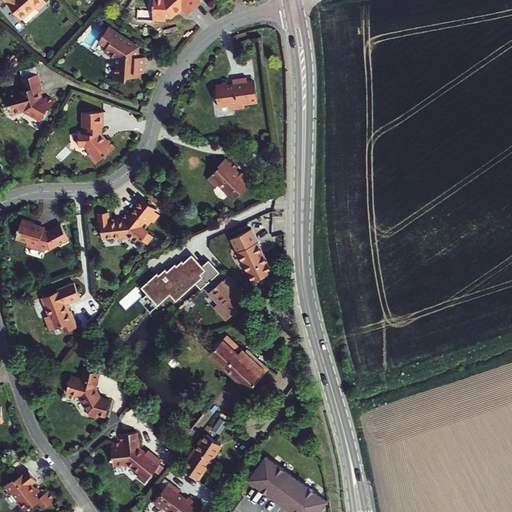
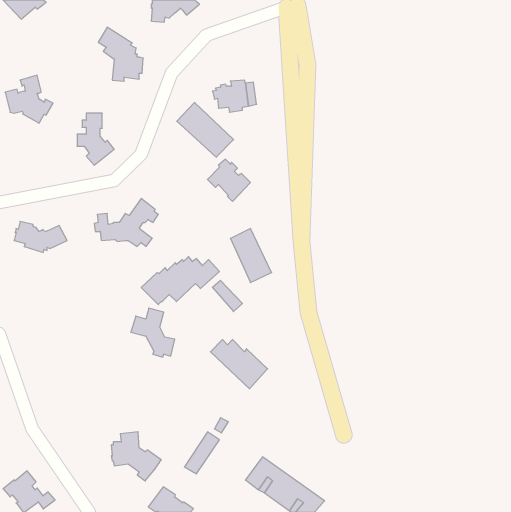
building: none -> [177,102,234,157]
building: [41,283,78,331] -> none
building: [66,368,110,417] -> [131,308,175,357]

